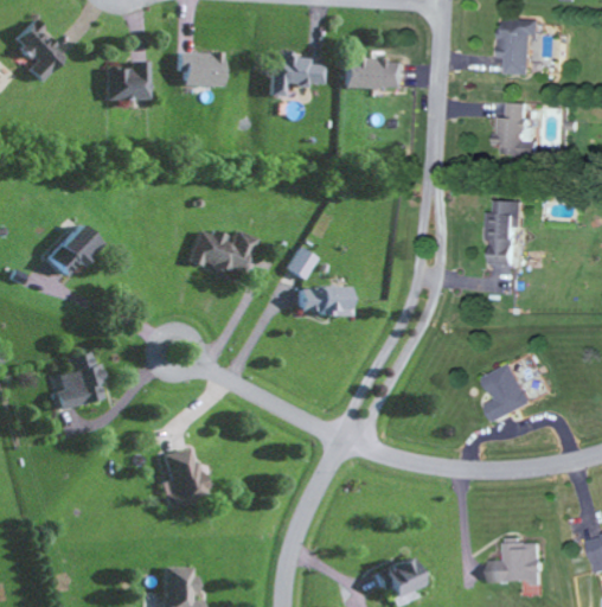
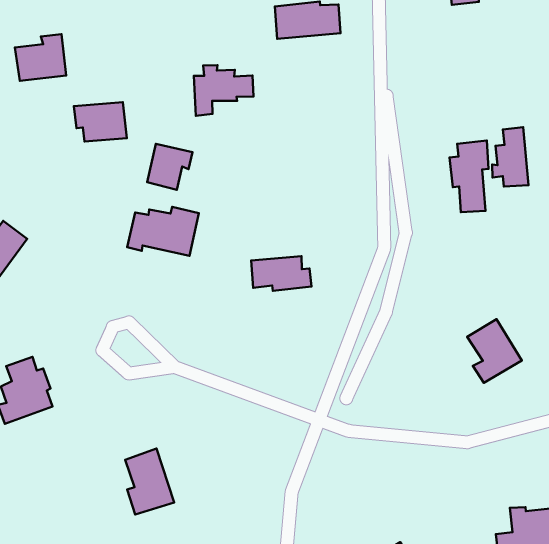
building: [269,51,325,96] -> [194,65,254,116]
building: [177,52,222,87] -> [74,102,127,142]
building: [494,103,527,156] -> [492,127,529,187]
building: none -> [147,144,192,190]
building: [286,248,315,280] -> none

